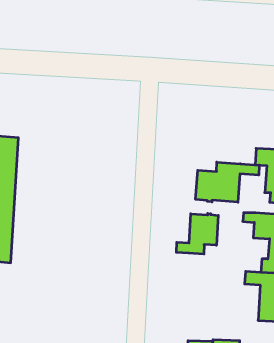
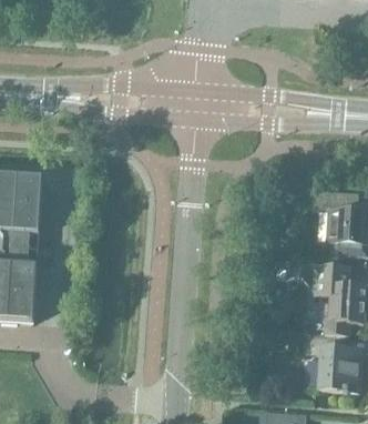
building: [196,162,259,202] -> none
building: [176,213,218,254] -> none

